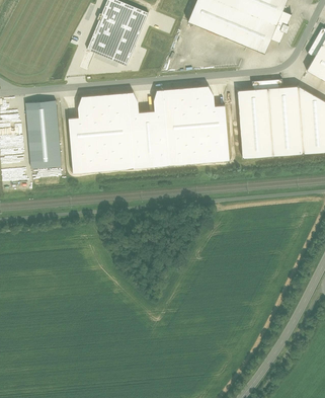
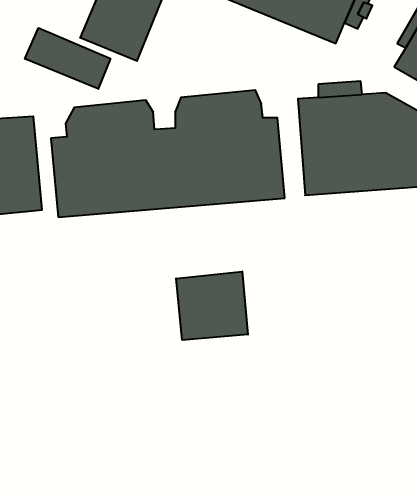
building: none -> [25,28,110,89]
building: none -> [176,271,248,340]

